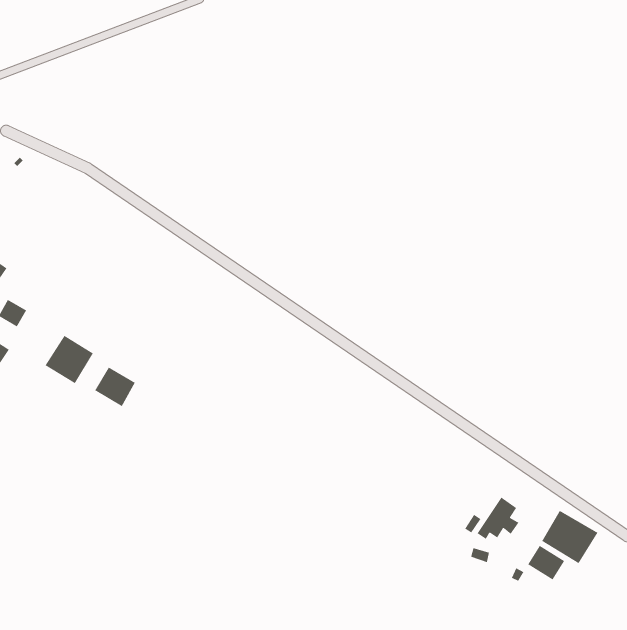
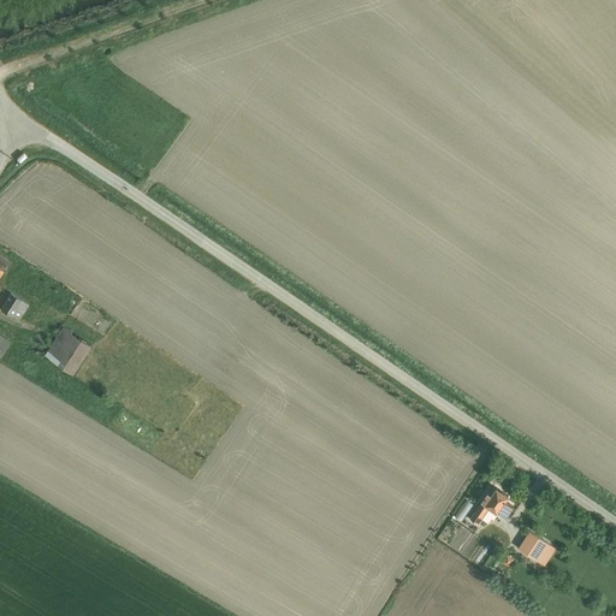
building: [94,367,136,407] -> none
building: [541,510,598,564] -> none

